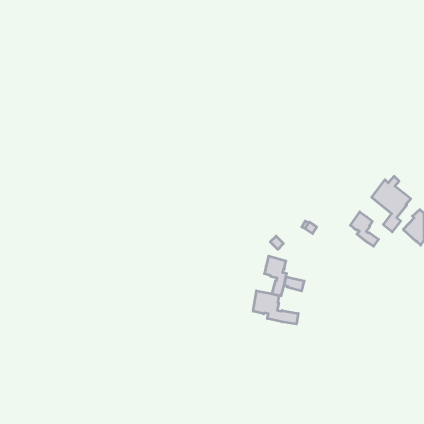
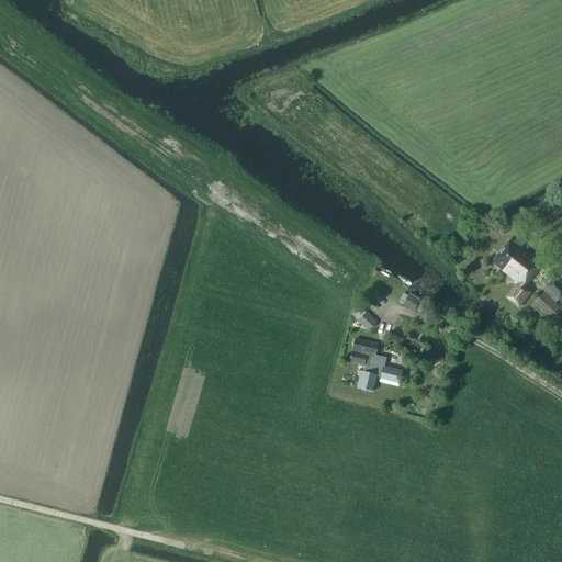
building: [350,212,379,246] -> none
building: [253,291,298,324] -> none

